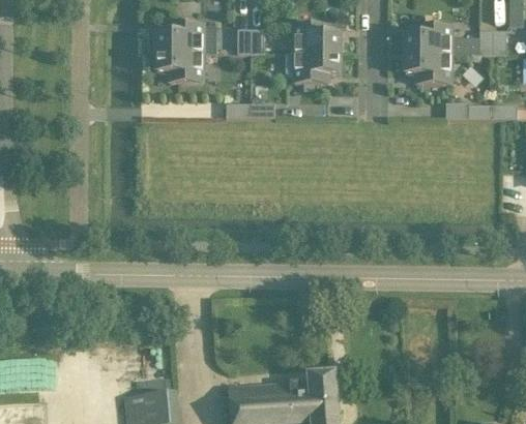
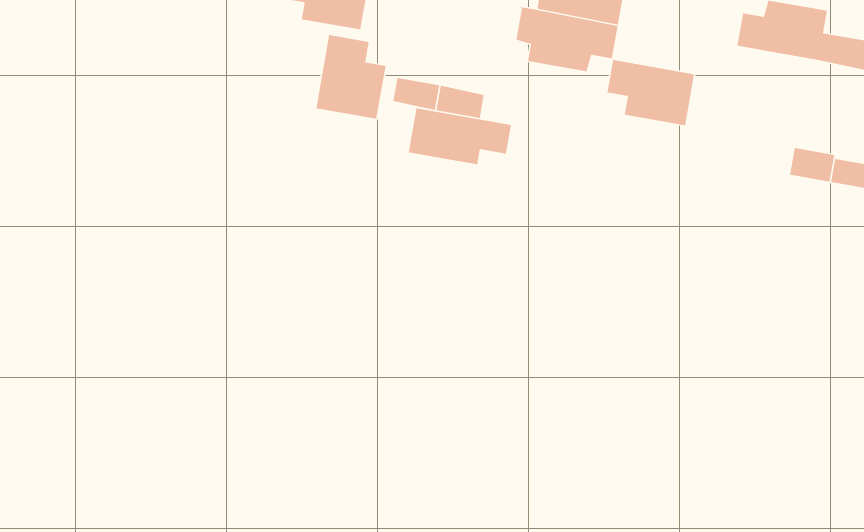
building: [406,55,451,84] -> [607,59,695,126]
building: none -> [315,34,387,120]
building: none -> [408,108,512,165]

